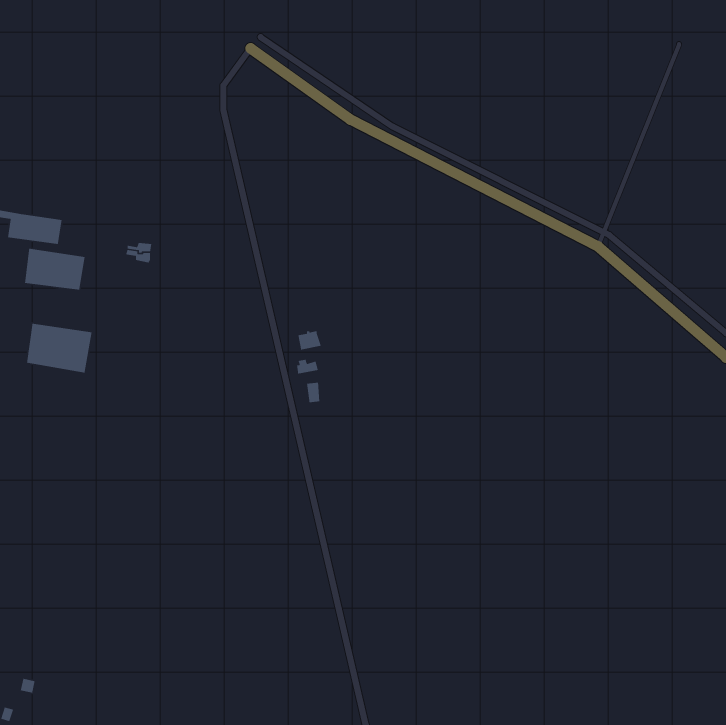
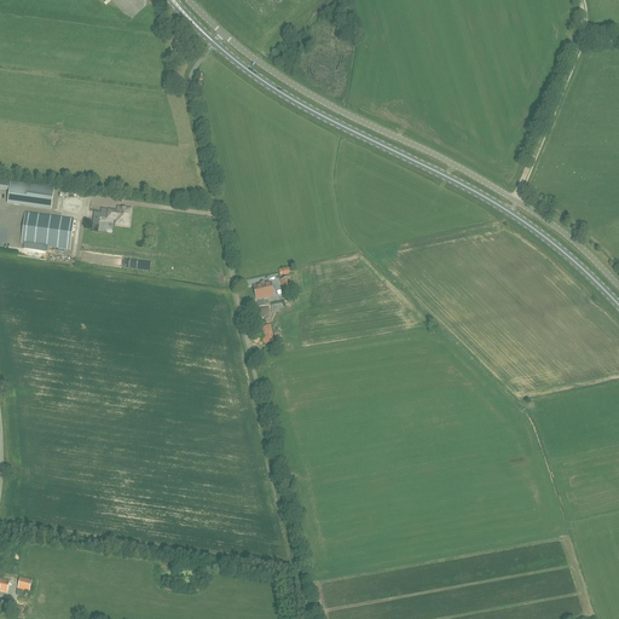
building: [26,323,93,374] -> none

